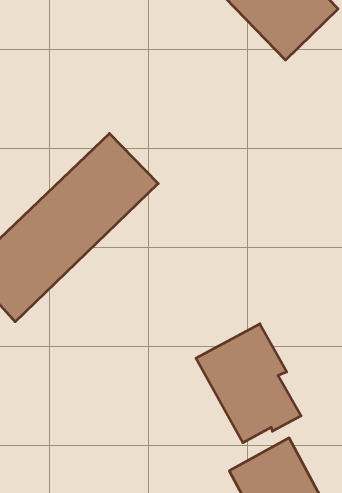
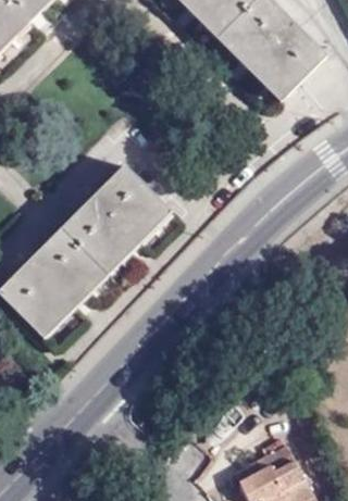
building: [196,324,301,443] -> none

